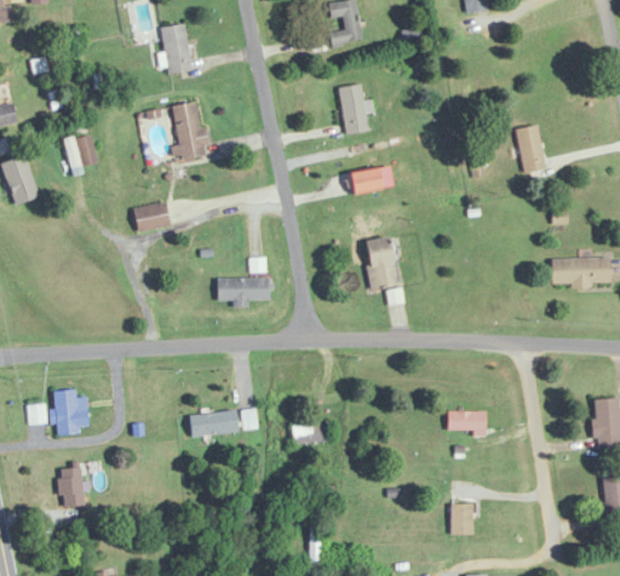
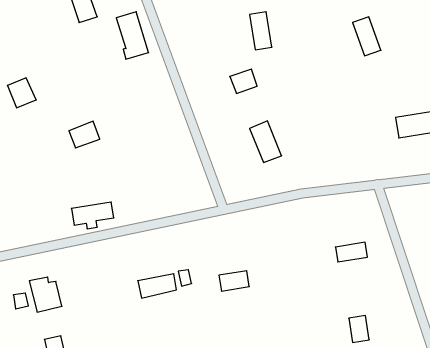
building: [343,86,364,132] -> [250,12,272,50]
building: [172,100,206,159] -> [116,12,149,59]
building: [218,277,270,306] -> [71,202,114,229]

